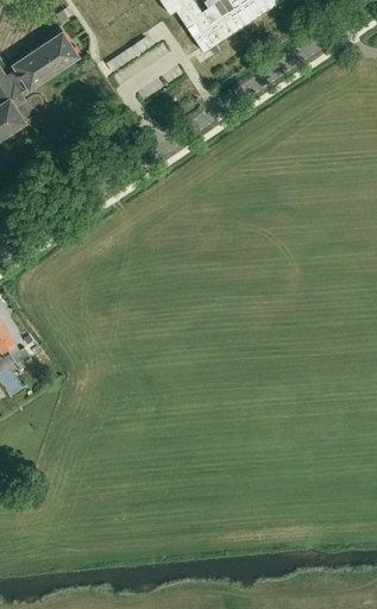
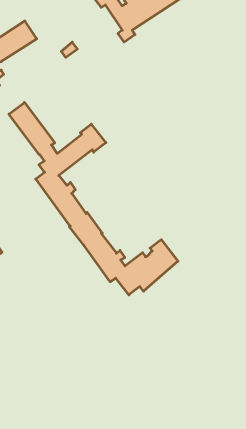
building: none -> [9,102,178,295]

